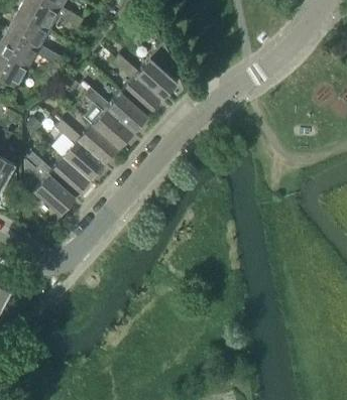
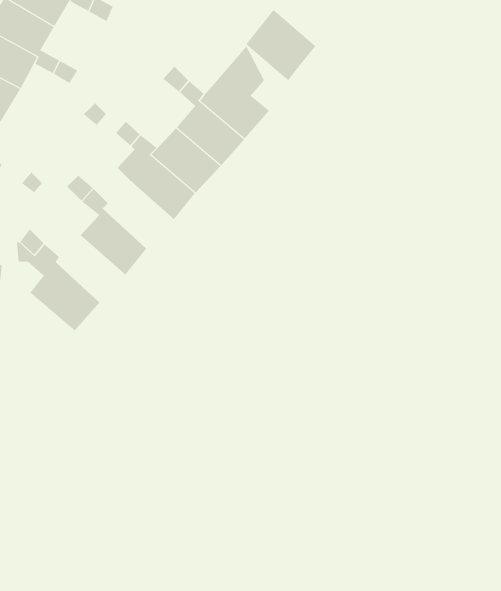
building: none -> [245,9,316,81]
building: [77,123,119,164] -> none
building: [48,156,90,196] -> none

